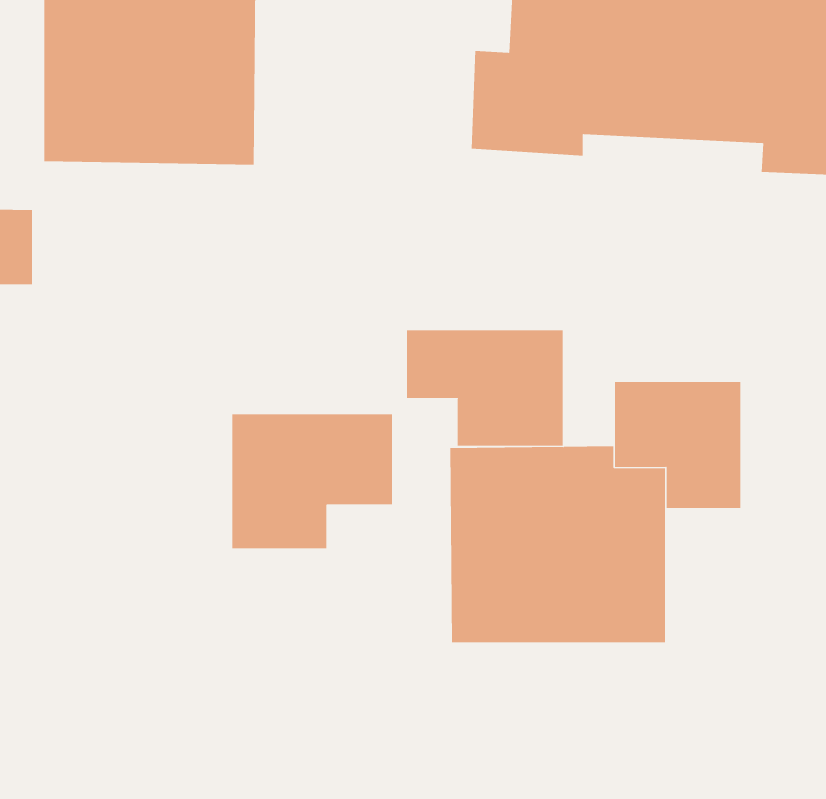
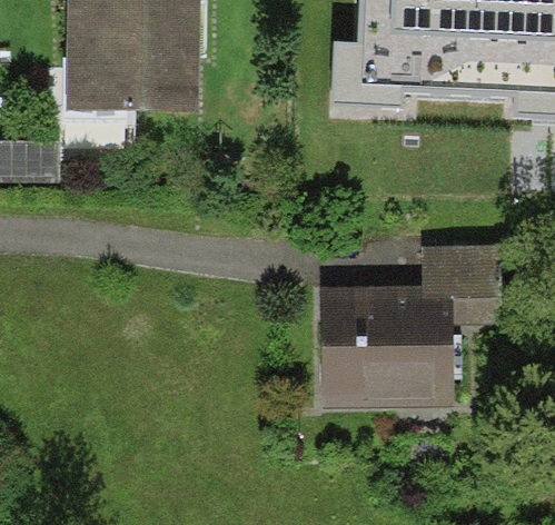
building: [406,329,563,447] -> none
building: [232,414,393,549] -> none

